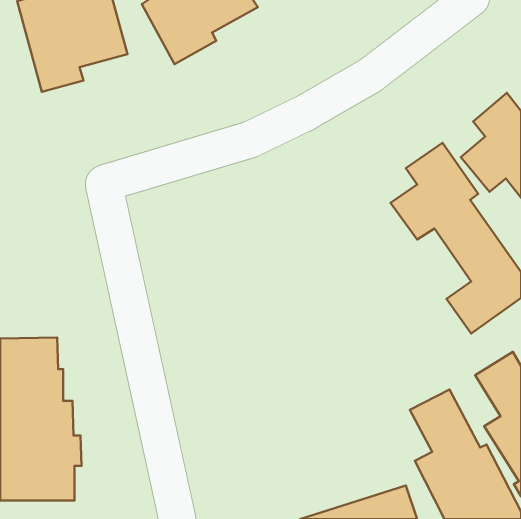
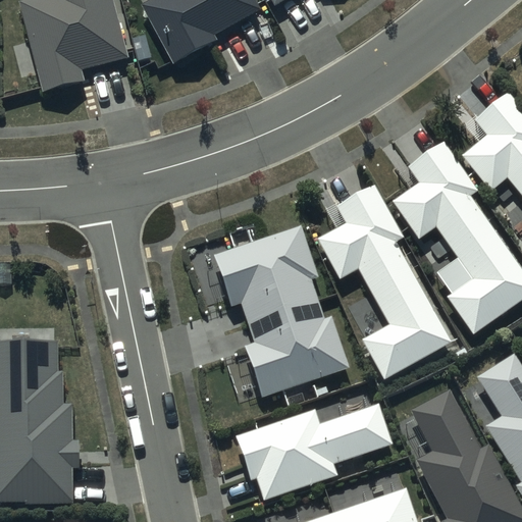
building: none -> [318,185,450,377]
building: none -> [215,225,348,396]
building: none -> [234,403,392,499]

